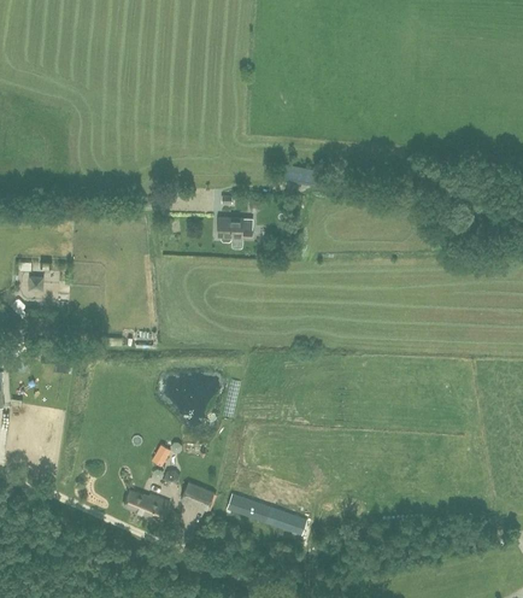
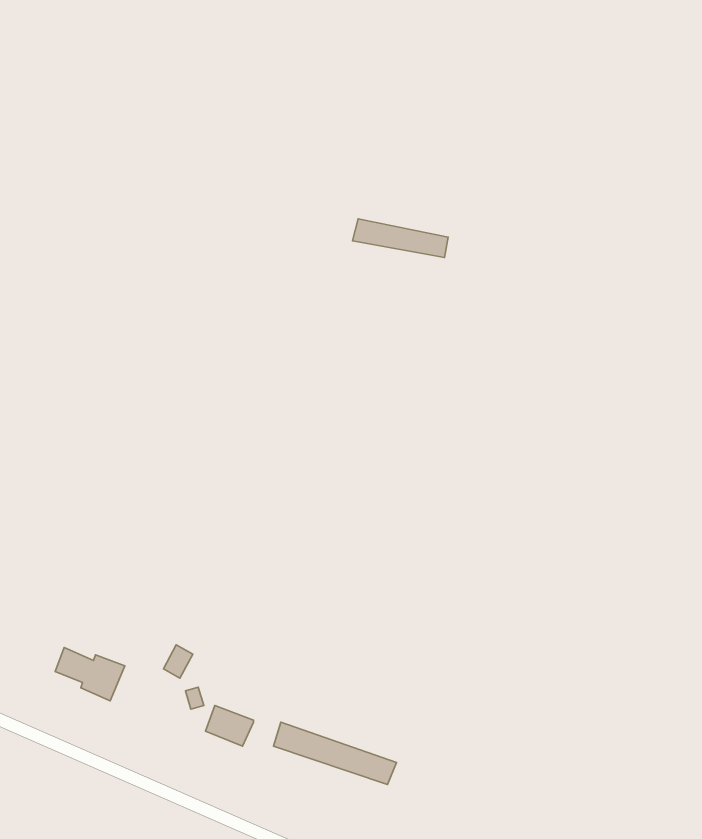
building: [218,218,253,241] -> none
building: [124,491,170,526] -> [55,648,125,701]

